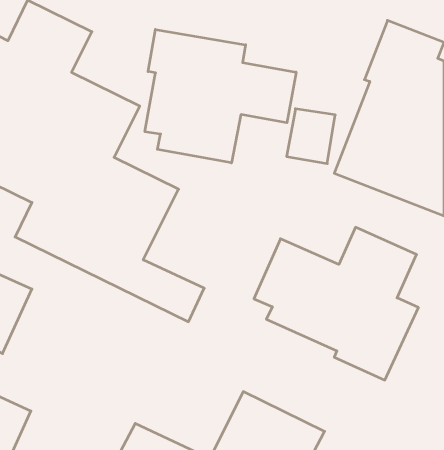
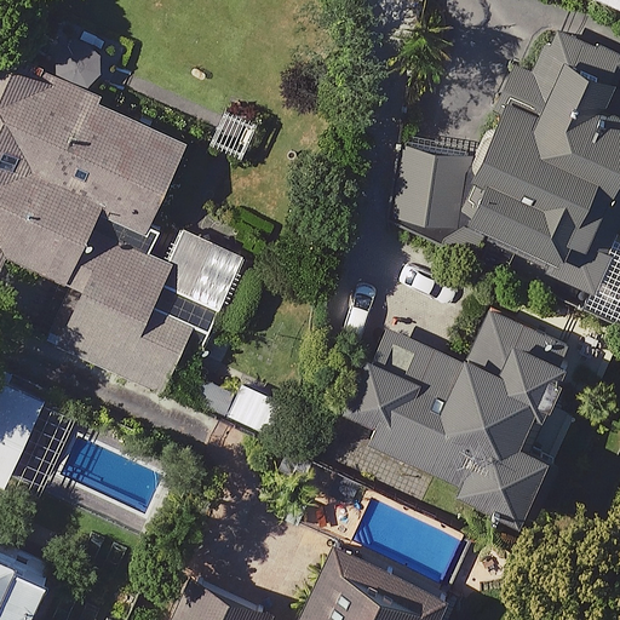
building: [145,29,296,163] -> none

